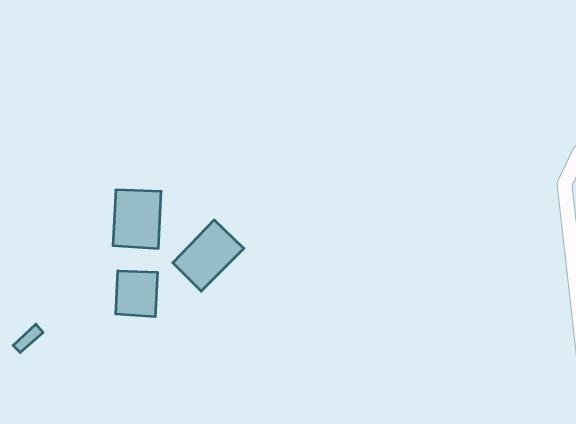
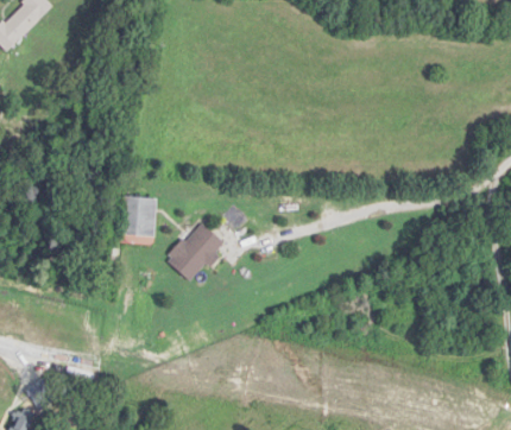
building: [116,271,157,317] -> none

